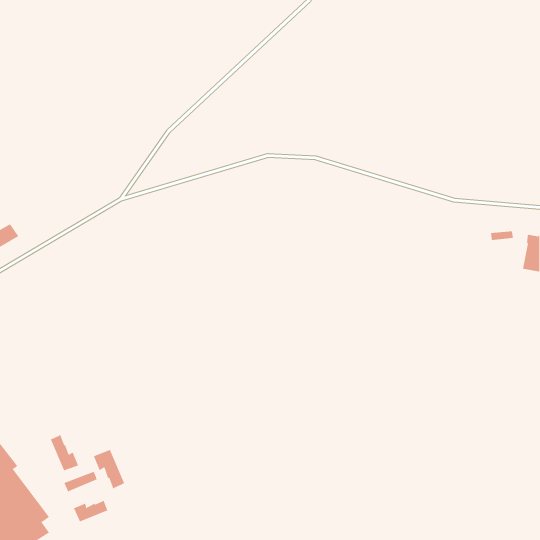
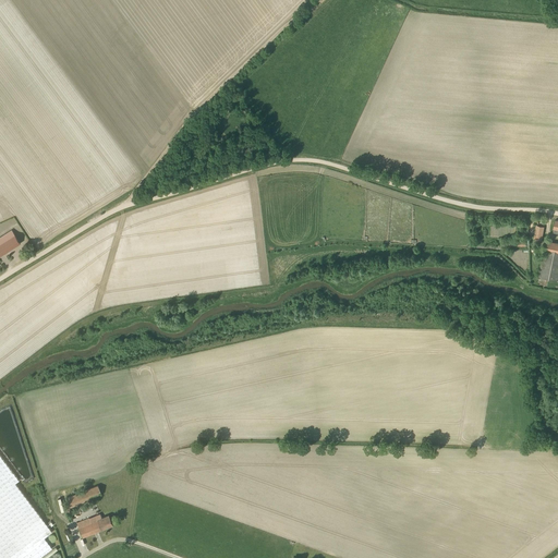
building: [50,434,79,471] -> none
building: [93,449,125,490] -> none

